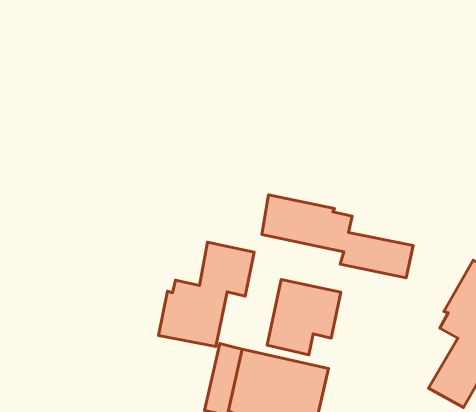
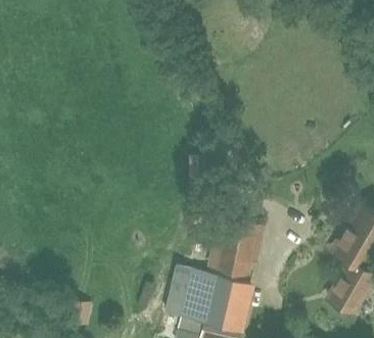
building: [262,195,413,278] -> none
building: [159,242,254,346] -> none

